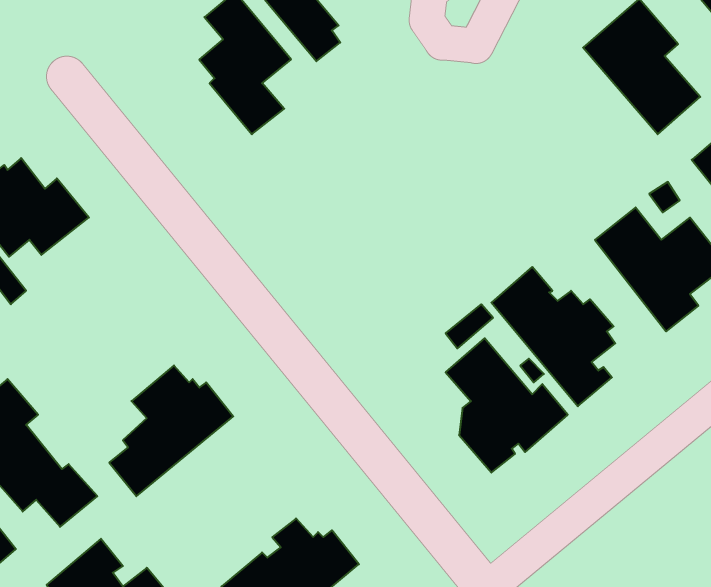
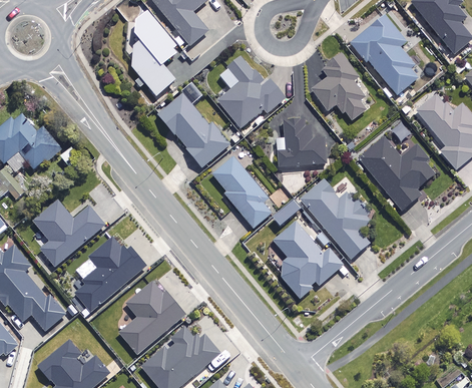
building: none -> [312,54,367,124]
building: none -> [218,59,285,130]
building: none -> [158,94,230,169]
building: none -> [276,122,327,169]
building: none -> [210,153,272,227]
building: none -> [34,201,106,267]
building: none -> [117,279,185,353]

